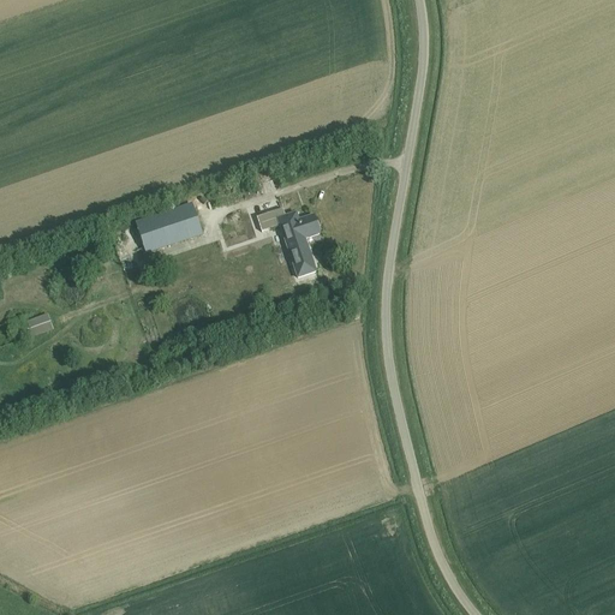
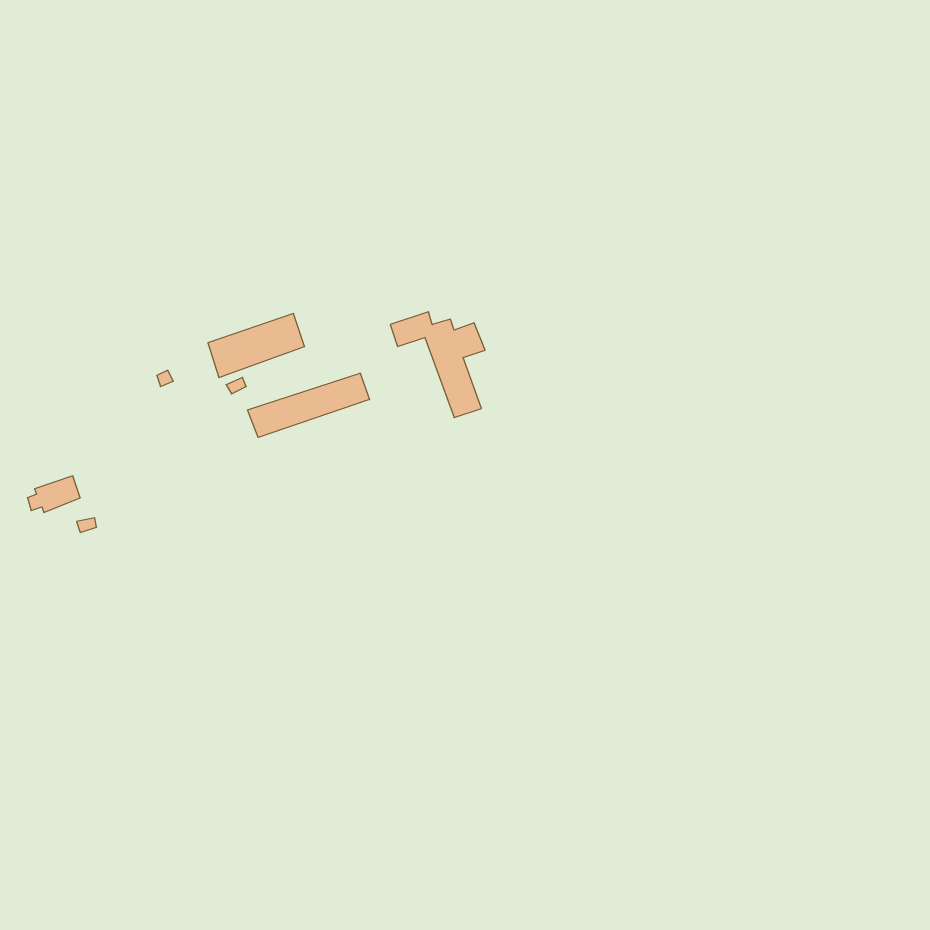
building: none -> [248,373,369,437]

